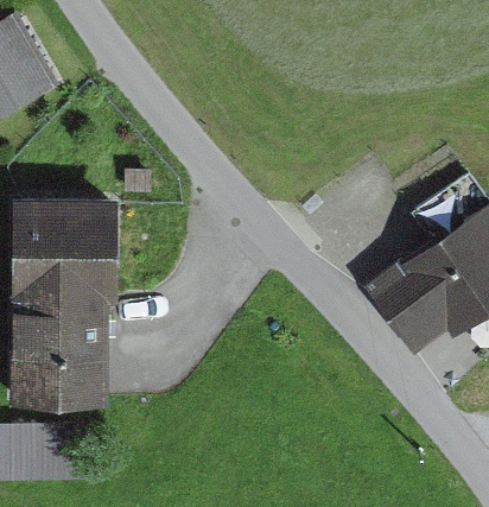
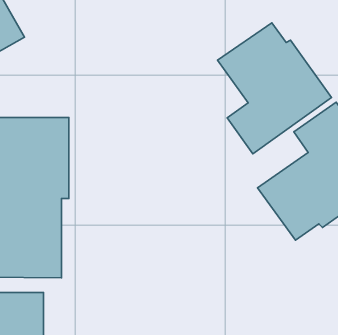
building: none -> [218,23,331,154]

